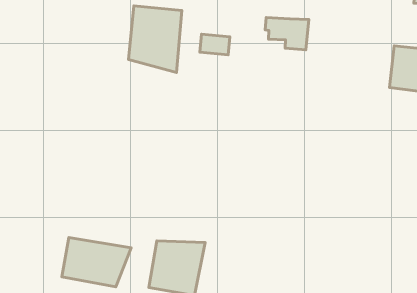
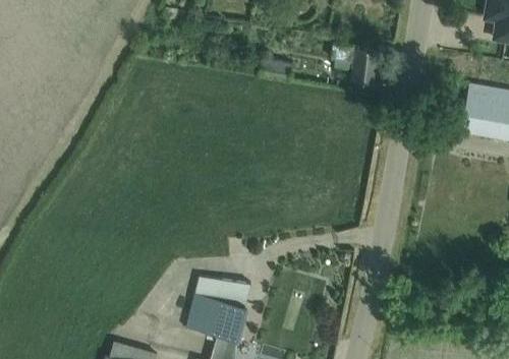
building: [128,6,182,72] -> none
building: [62,238,131,287] -> none

